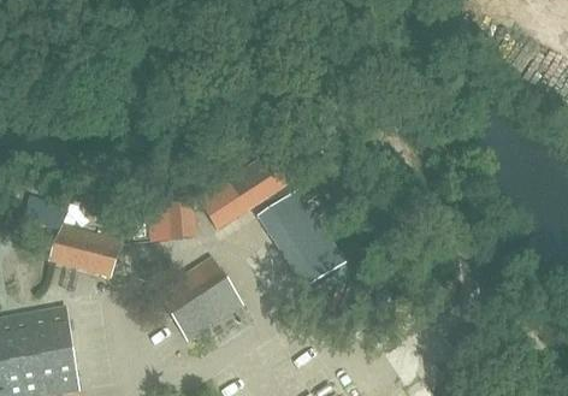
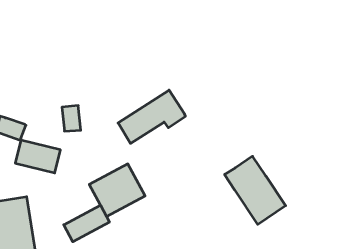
building: [258,190,347,290] -> [225,156,286,224]
building: [168,202,196,240] -> [62,106,81,131]
building: none -> [64,205,109,242]

